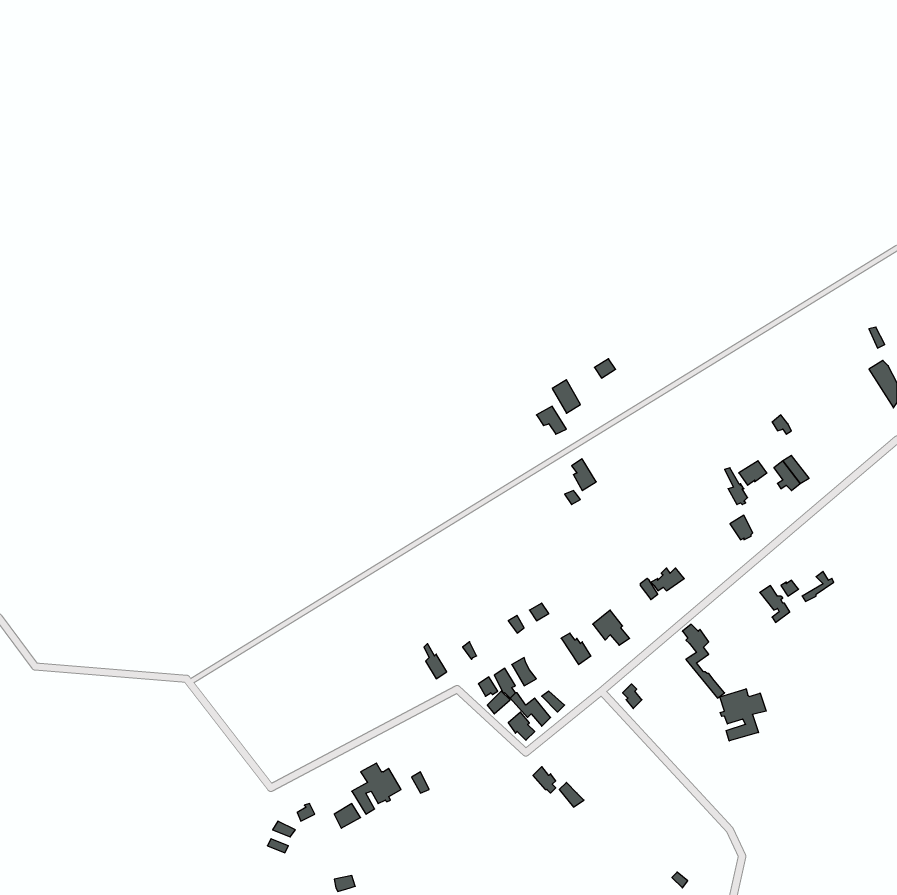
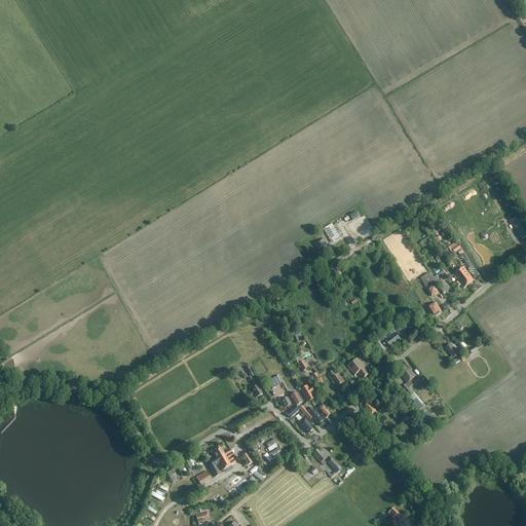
building: [720,689,766,741] -> none

